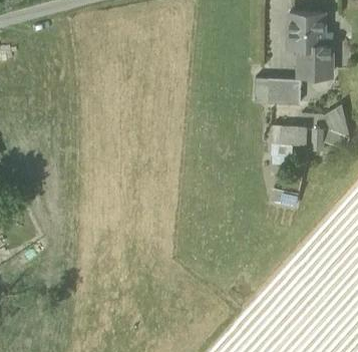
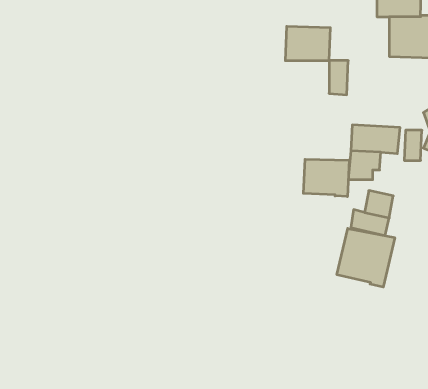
building: [268,77,301,102] -> [285,26,330,61]
building: none -> [303,159,349,197]
building: none -> [337,228,395,287]

